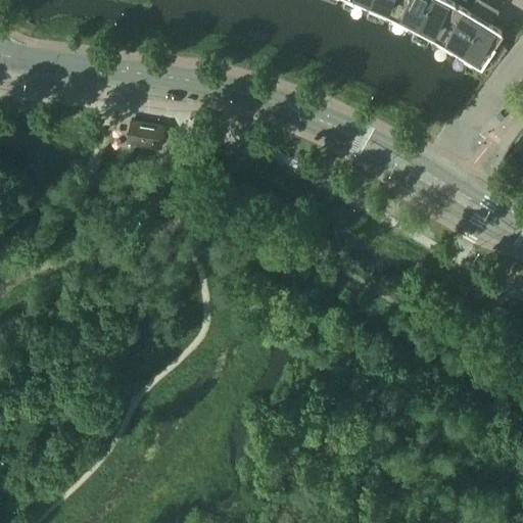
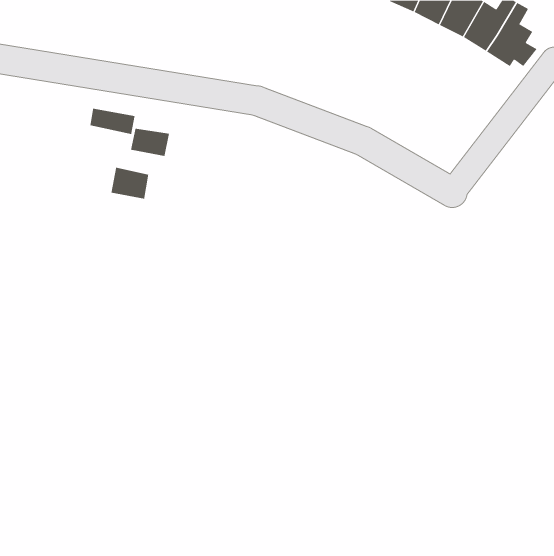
building: none -> [90,108,135,135]
building: none -> [111,167,149,200]

